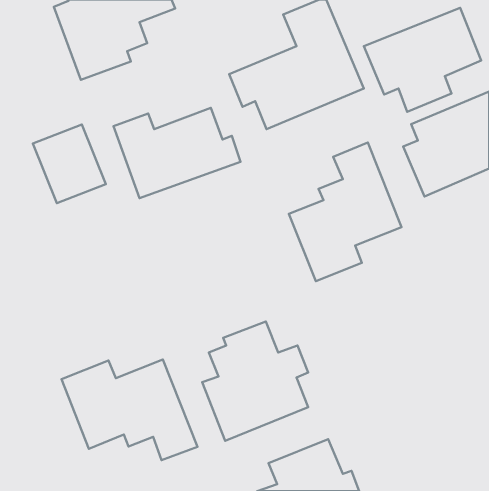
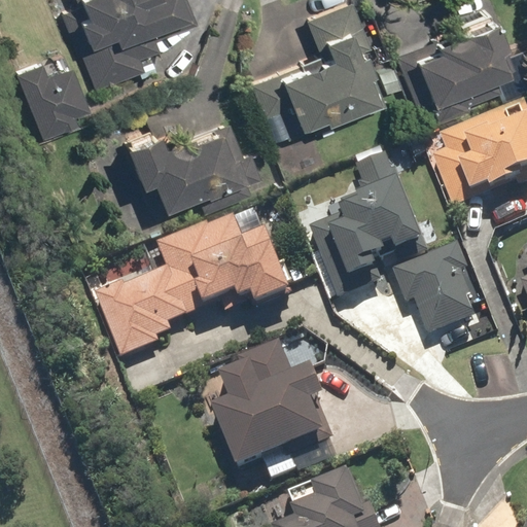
building: [33,124,106,203] -> [11,49,90,134]
building: none -> [97,212,294,357]
building: none -> [393,243,480,337]
building: [61,359,197,460] -> none

